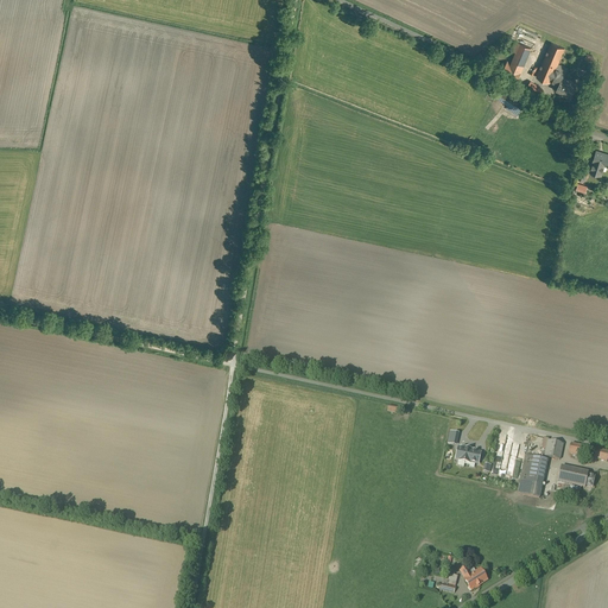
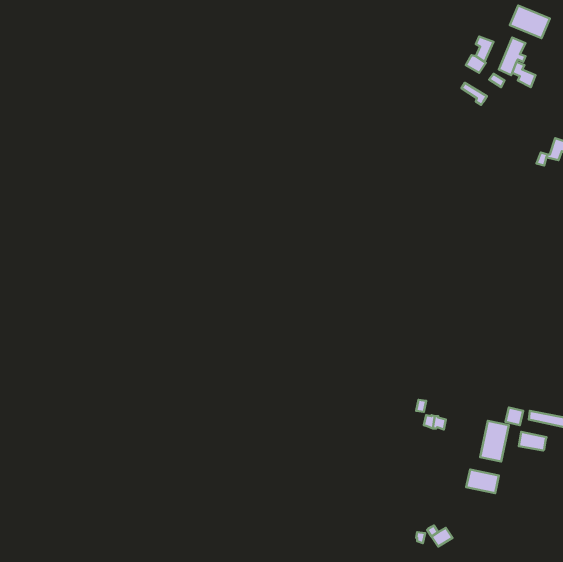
building: none -> [510,6,550,38]
building: none -> [466,469,499,493]

